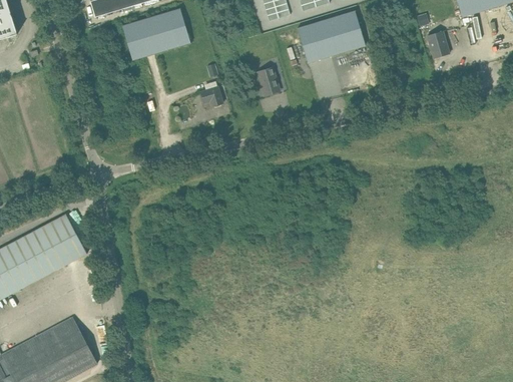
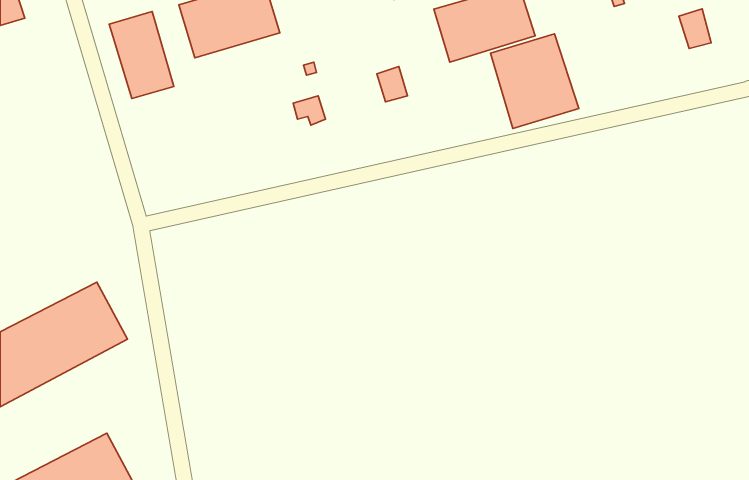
building: none -> [109,12,174,99]
building: [427,30,449,57] -> [679,9,711,49]
building: none -> [490,34,579,129]

